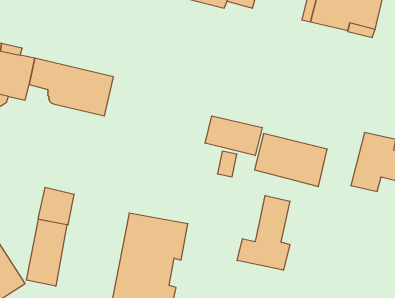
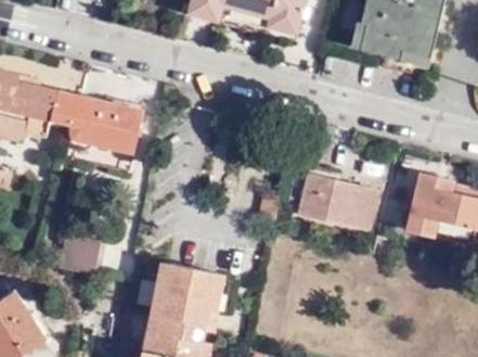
building: [205,116,262,156] -> none
building: [237,195,290,270] -> none
building: [27,219,67,286] -> none

